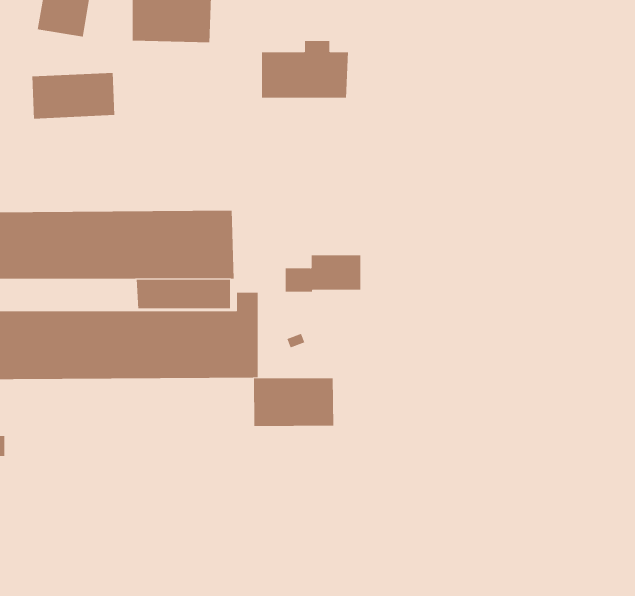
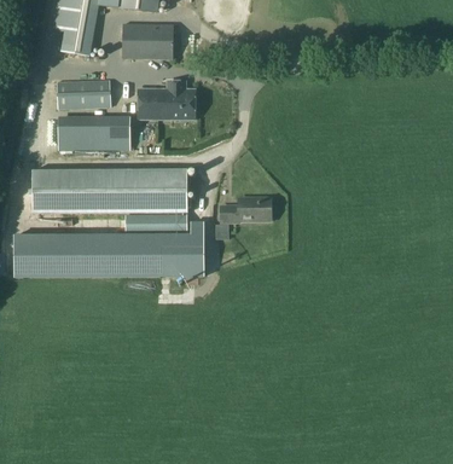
building: [261,41,349,98] -> [139,81,196,118]
building: none -> [57,116,130,150]
building: [253,377,334,427] -> none

